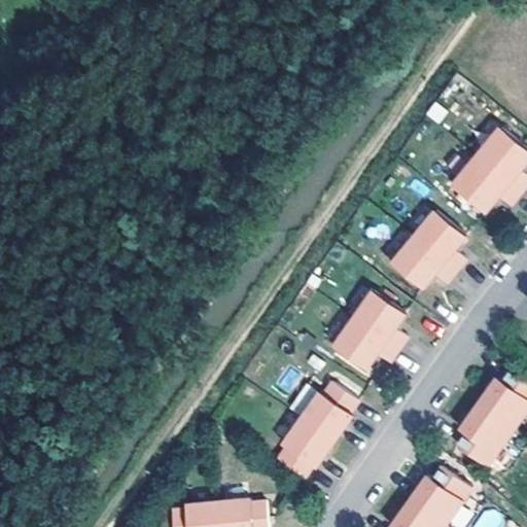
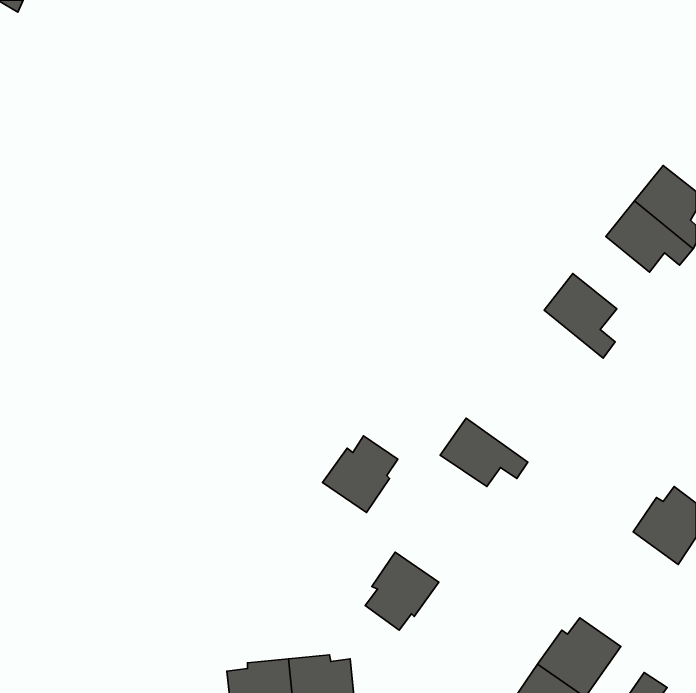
building: [388,238,454,290] -> none
building: [351,290,407,352] -> none
building: [297,385,354,443] -> [323,436,398,513]
building: [454,405,511,467] -> none

